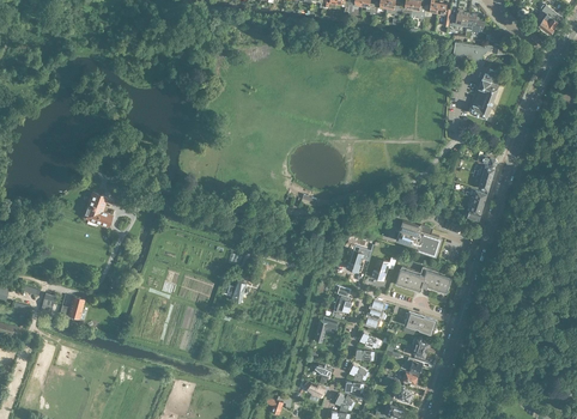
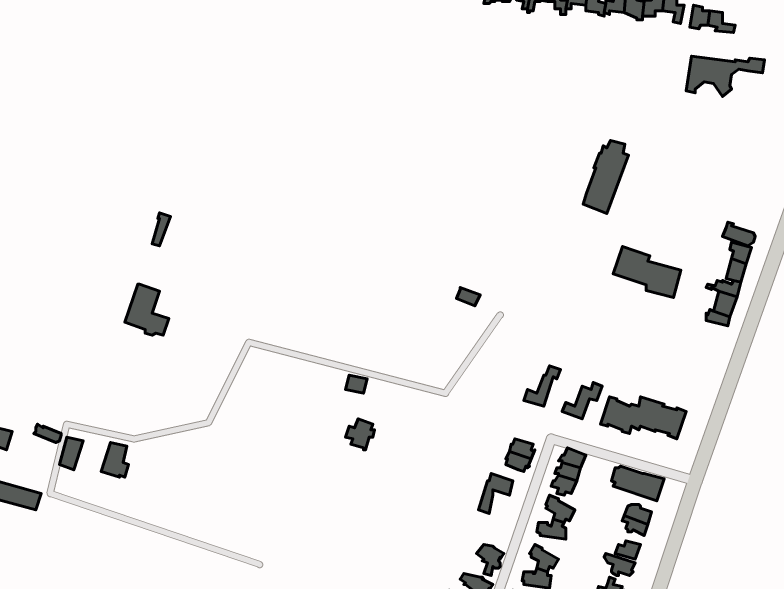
building: [470,71,500,119] -> [583,140,629,213]
building: [396,223,441,256] -> [613,247,681,298]

